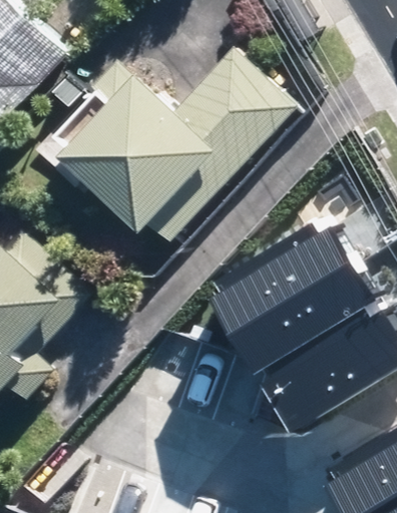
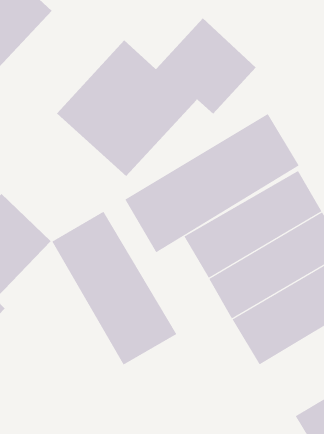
building: none -> [125,113,299,253]
building: none -> [51,211,177,365]

